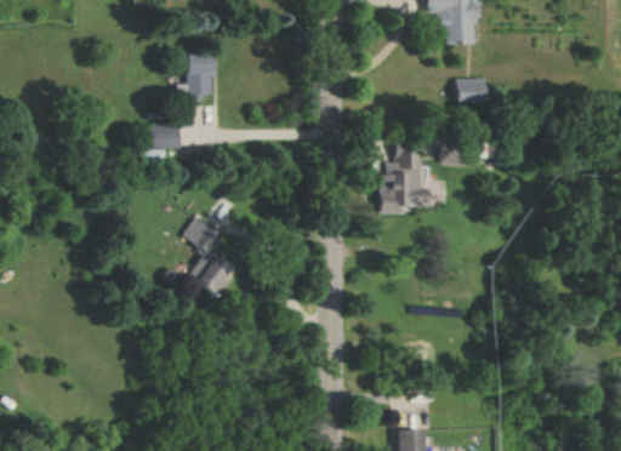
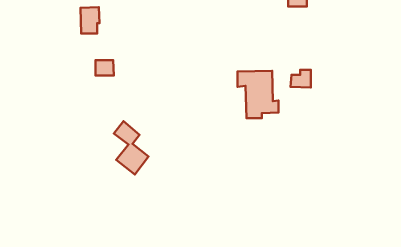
building: [187,53,216,93] -> [80,7,100,34]
building: [456,78,485,101] -> none

